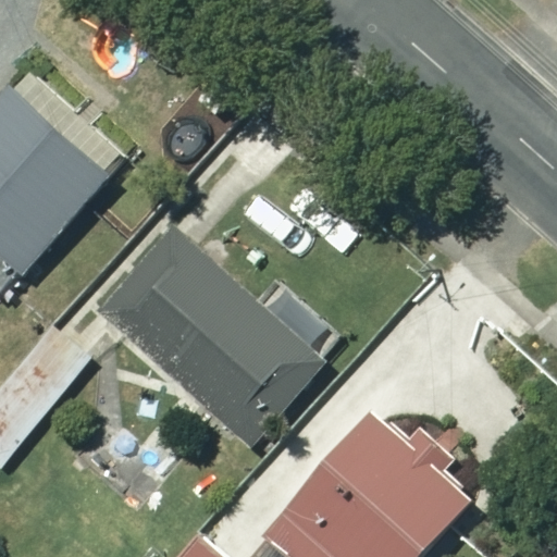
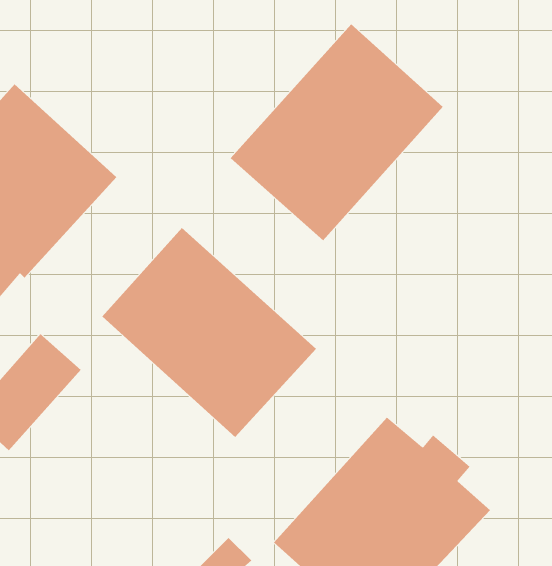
building: none -> [230,23,444,241]

